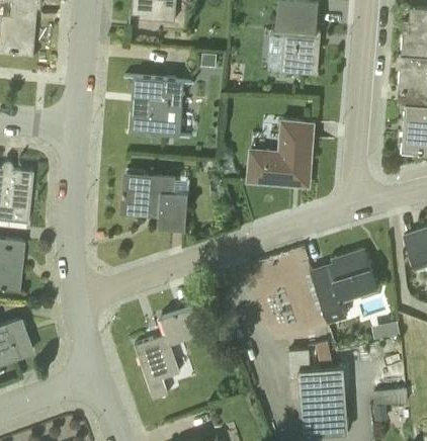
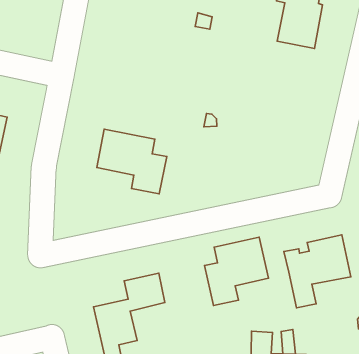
building: [124,76,184,138] -> none
building: [248,119,314,185] -> none
building: none -> [205,237,268,306]

